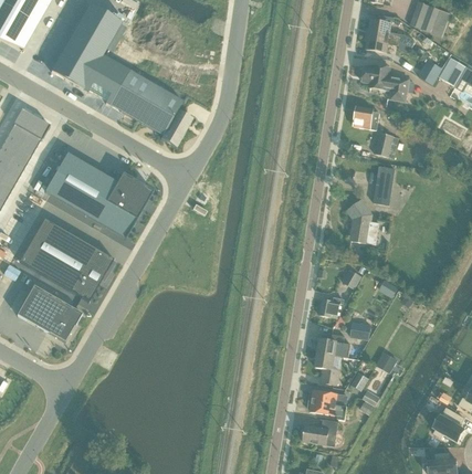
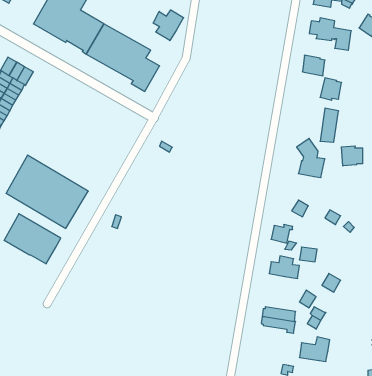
building: none -> [153,10,184,41]
building: [44,151,153,238] -> none
building: none -> [341,146,363,166]
building: [314,351,338,383] -> none
building: [303,418,337,445] -> [299,337,330,361]

